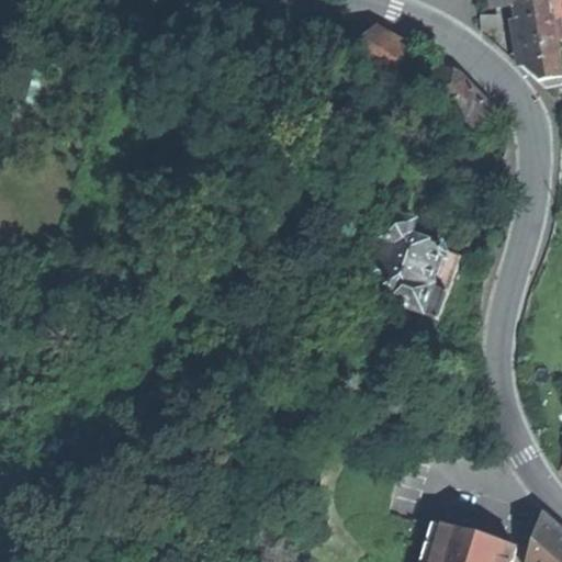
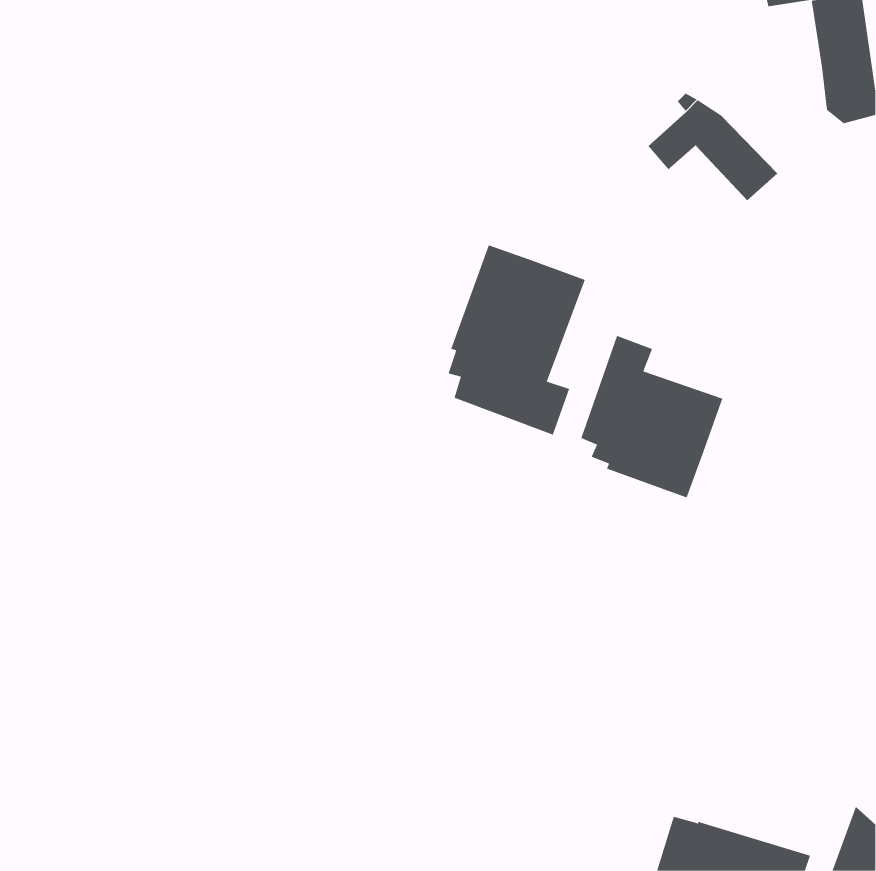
building: [353,21,409,75] -> none
building: none -> [448,244,585,436]

